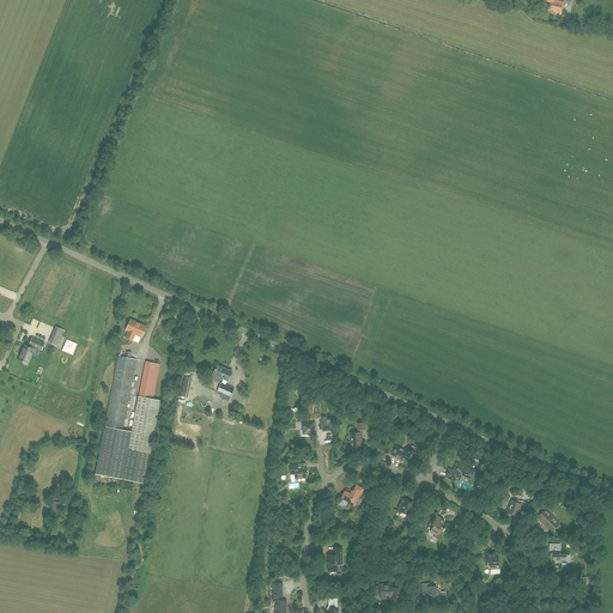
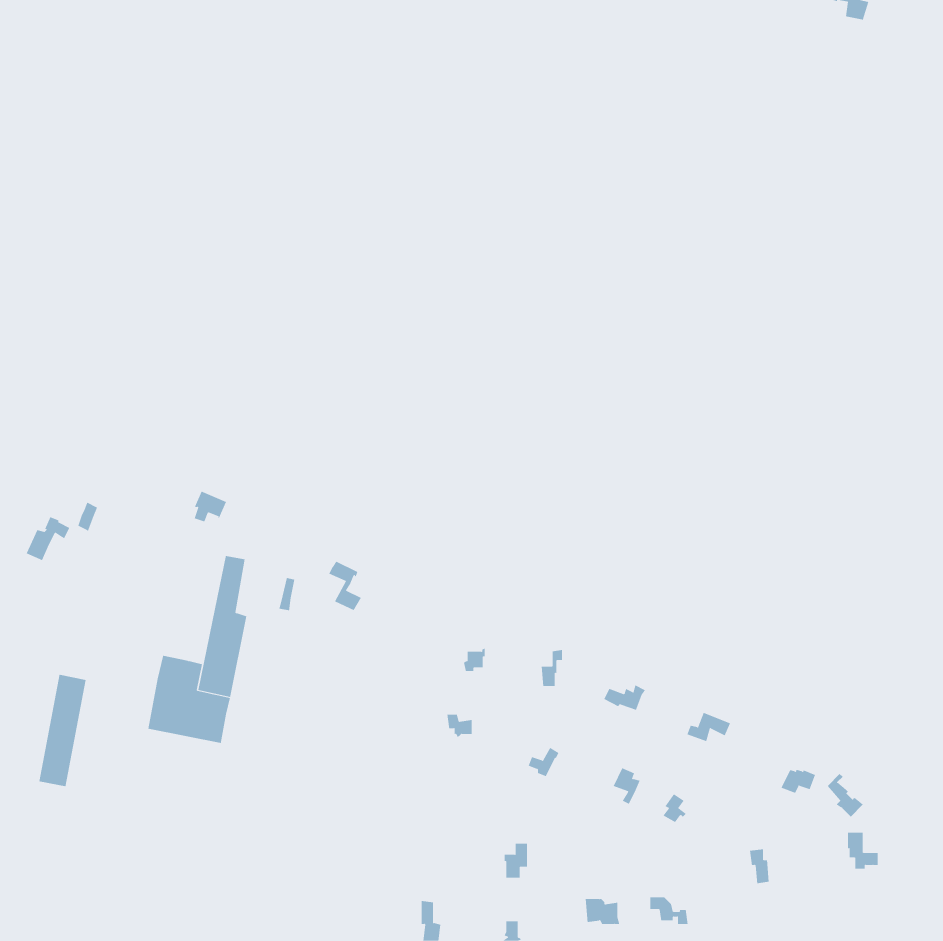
building: [105,354,136,427] -> [39,674,86,787]

